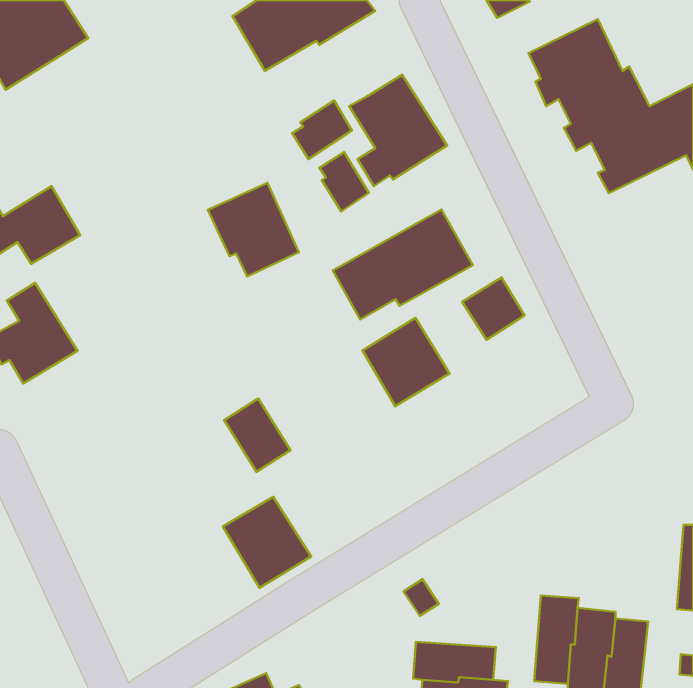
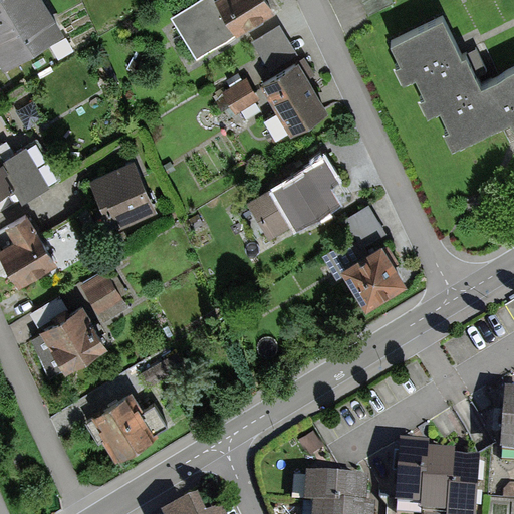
building: none -> [252,28,297,76]
building: [319,152,369,211] -> none
building: [208,183,299,276] -> [91,161,159,230]
building: [362,318,449,406] -> [342,246,407,311]
building: none -> [29,298,107,380]
building: [224,399,291,472] -> [80,272,130,326]
building: [223,497,311,588] -> [91,394,157,461]

